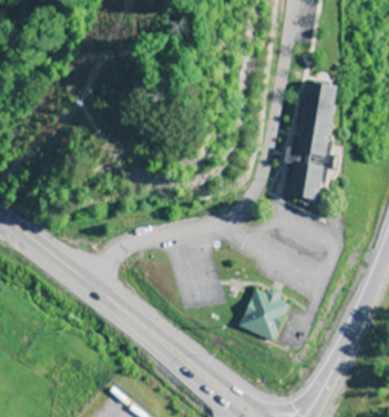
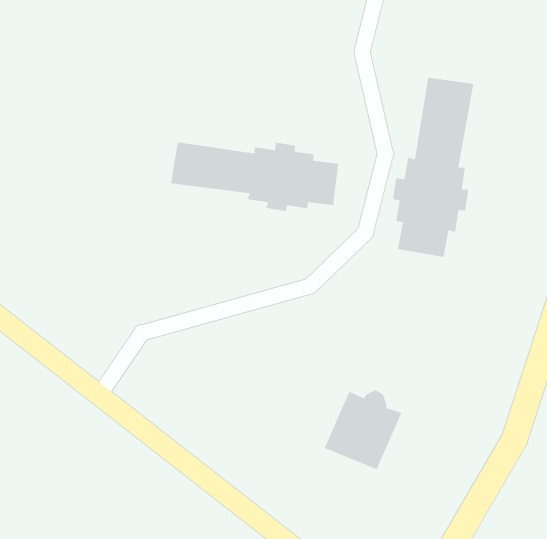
building: none -> [170,142,339,212]

